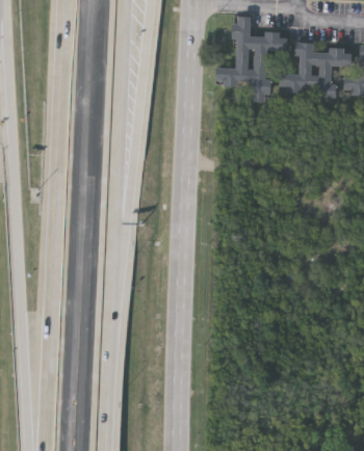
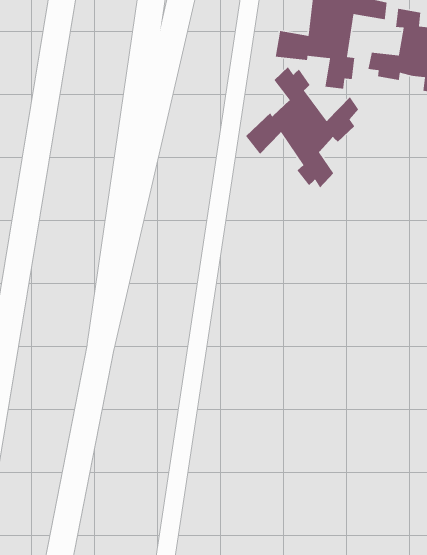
building: none -> [245,66,359,188]

